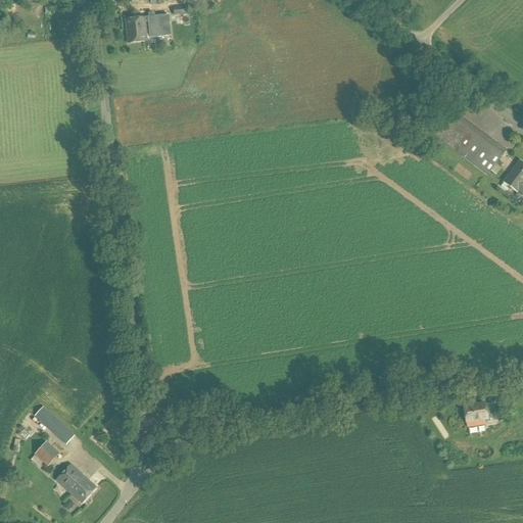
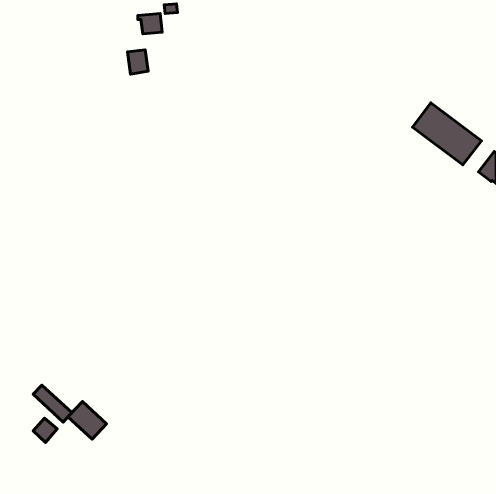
building: [126,16,147,42] -> [128,50,148,74]
building: [464,398,498,426] -> none
building: [56,463,97,503] -> [68,401,107,439]

